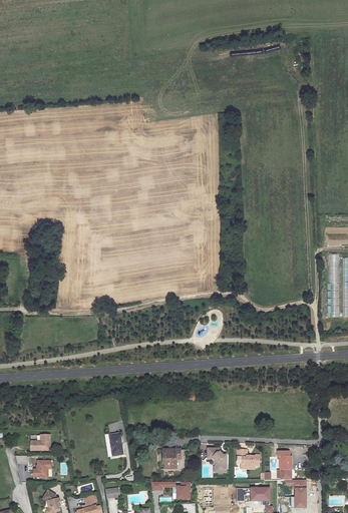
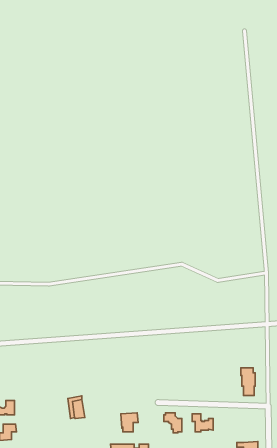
building: [277,451,292,480] -> [241,368,255,396]

